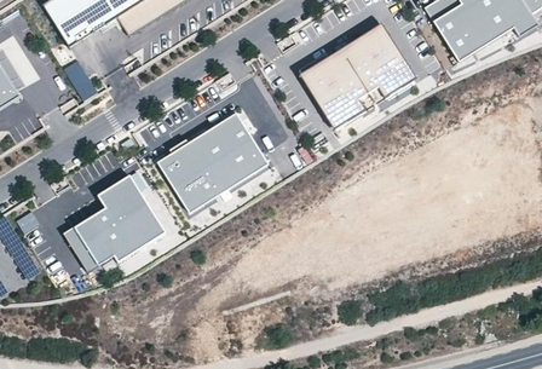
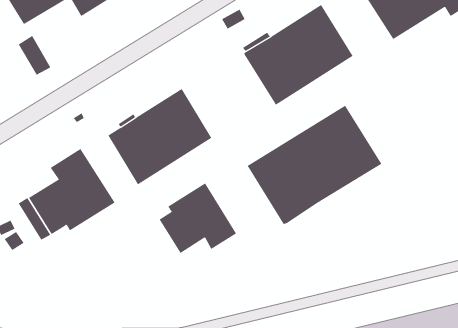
building: none -> [247,105,382,225]
building: none -> [159,182,237,254]

